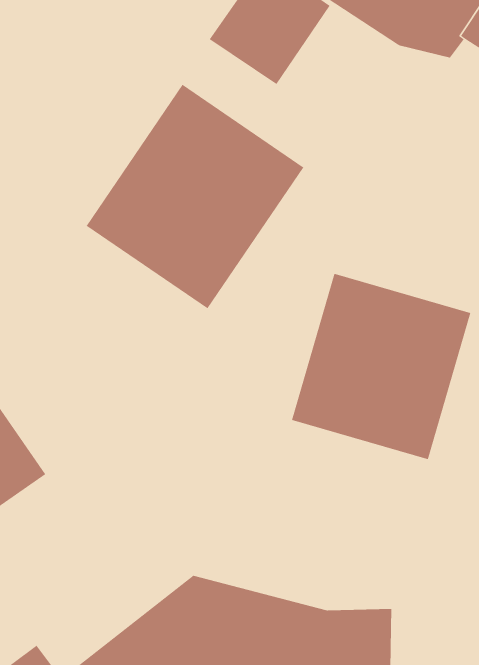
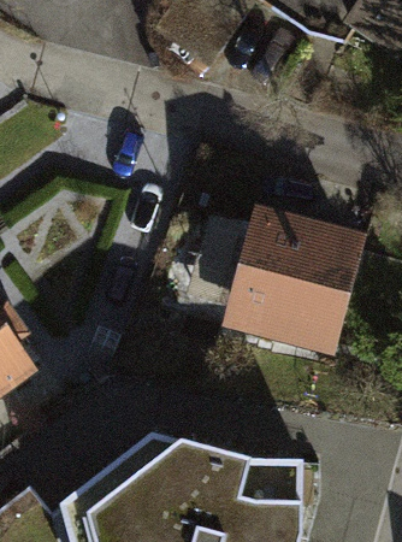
building: [86,84,304,309] -> none

